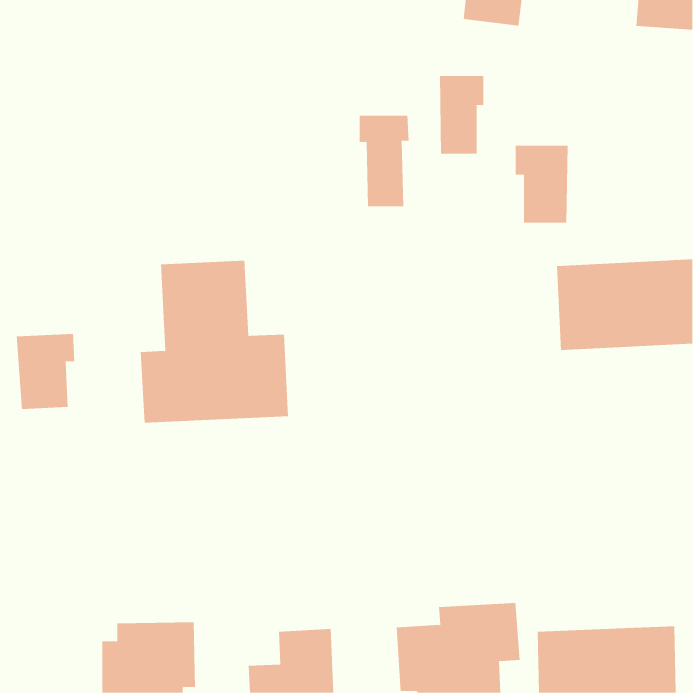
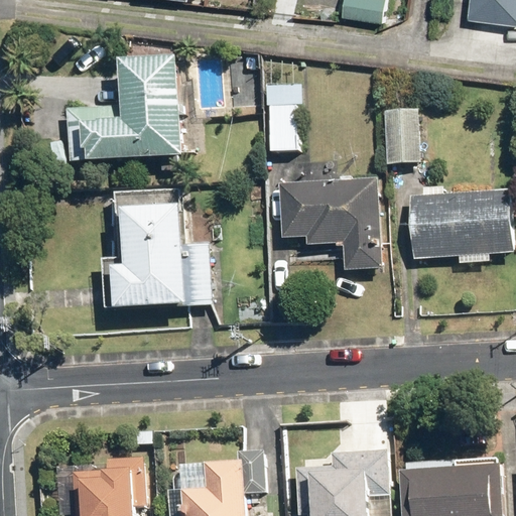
building: [439,75,484,154] -> none
building: none -> [66,57,182,165]
building: none -> [281,179,383,272]
building: [16,333,75,410] -> none

